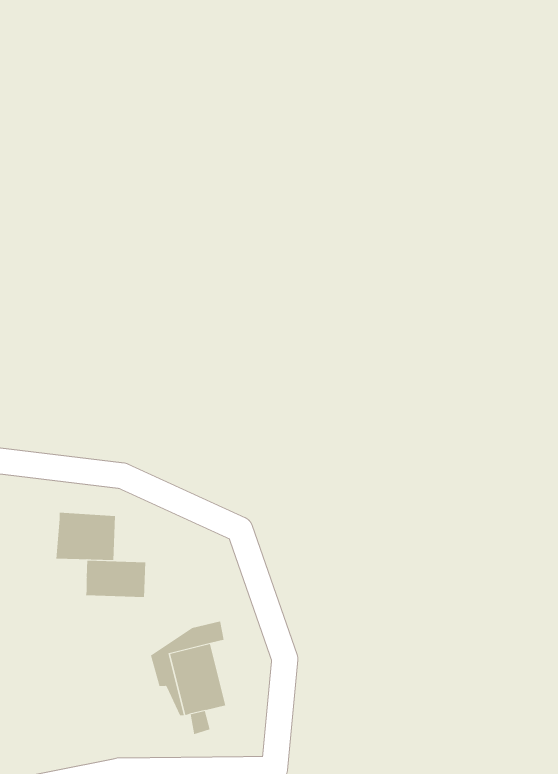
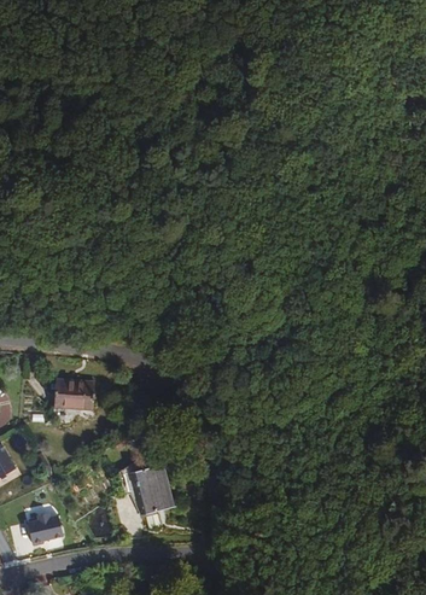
building: [86,560,146,598] -> none
building: none -> [25,512,63,543]

